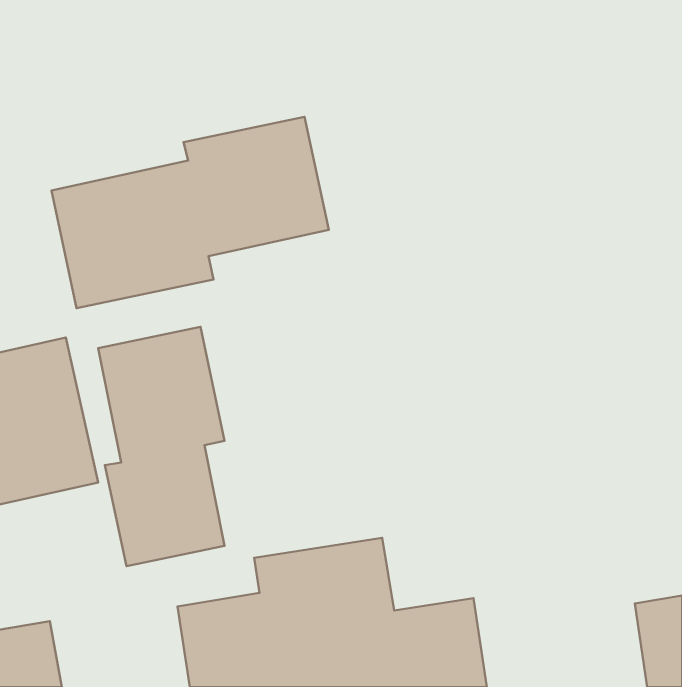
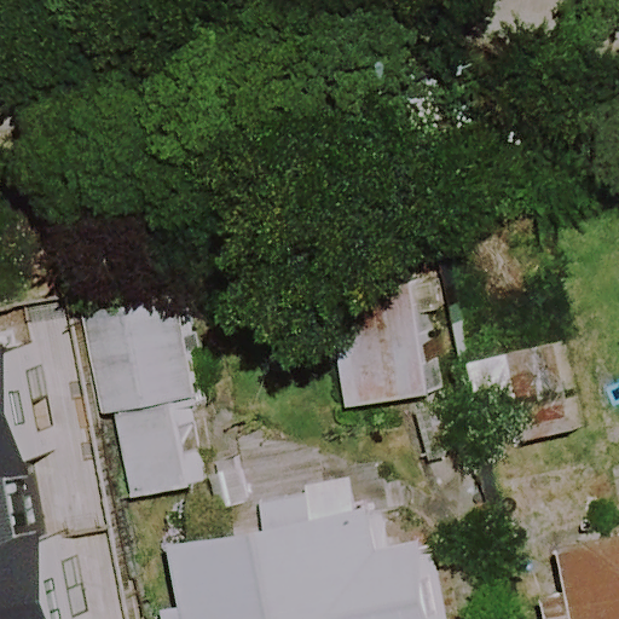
building: [52,117,329,308] -> none

